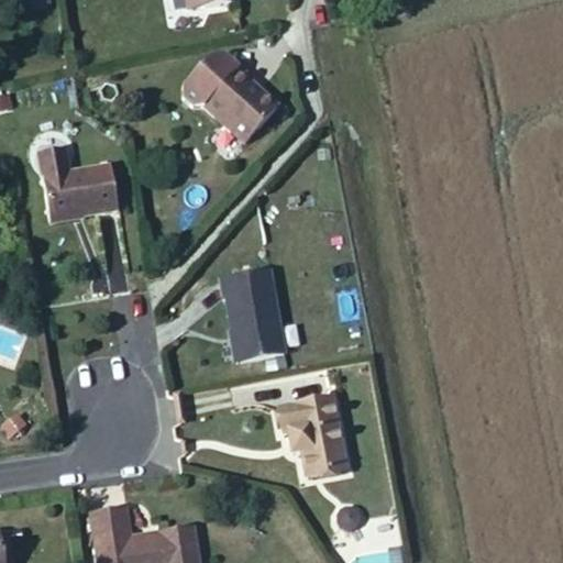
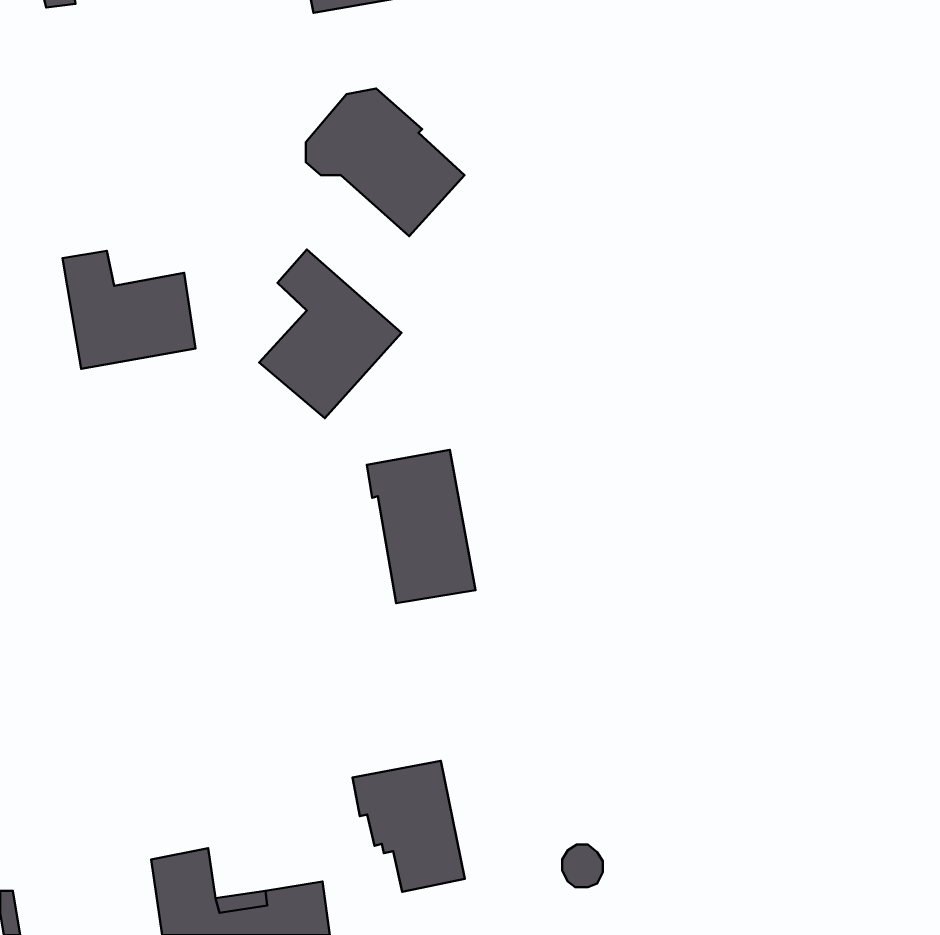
building: none -> [259,249,402,418]
building: [278,397,345,475] -> [353,761,465,892]

